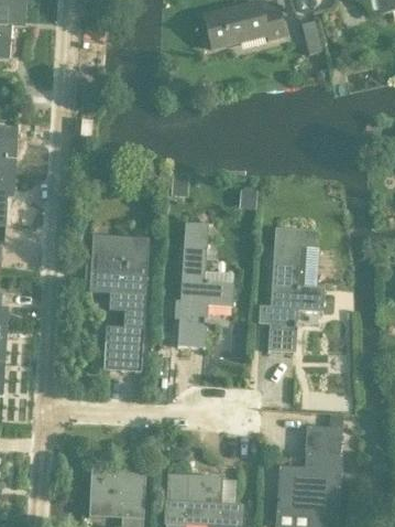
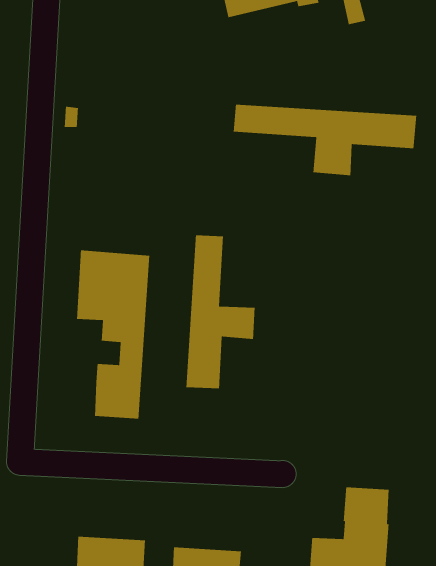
building: none -> [233,104,417,176]
building: [267,228,323,353] -> none

